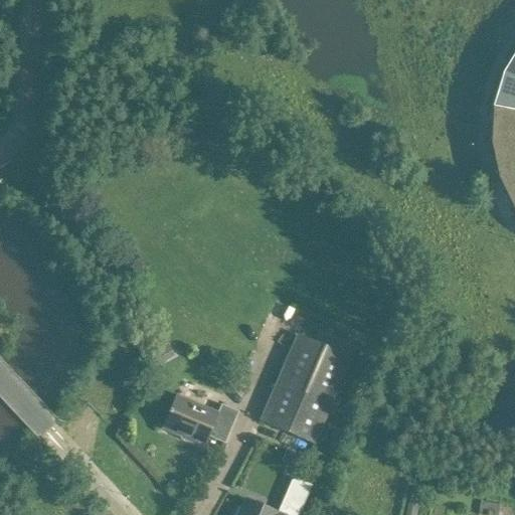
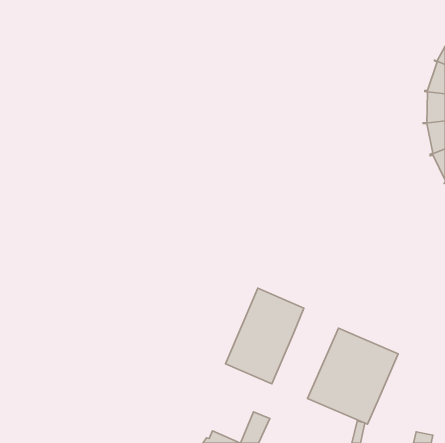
building: none -> [308,328,398,424]
building: [161,393,237,443] -> none

